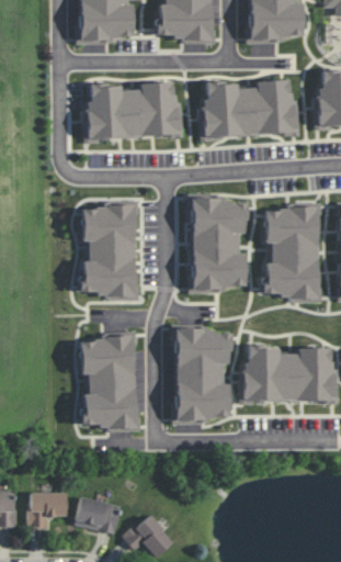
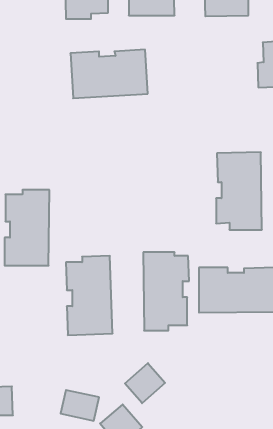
building: [202,79,300,137] -> none
building: [192,196,248,293] -> none
building: [82,203,137,295] -> [5,190,49,266]
building: none -> [125,363,165,403]
building: [29,492,67,527] -> none

